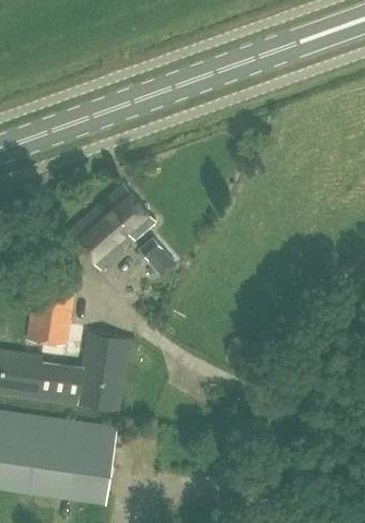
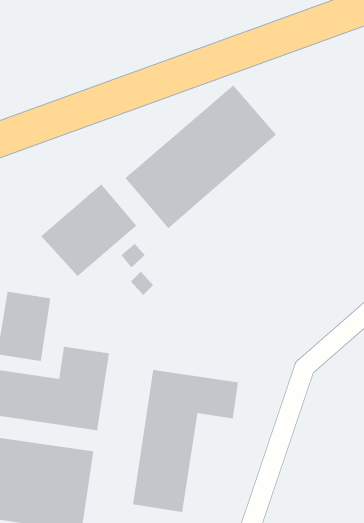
building: none -> [124,85,277,229]
building: none -> [133,369,239,513]

